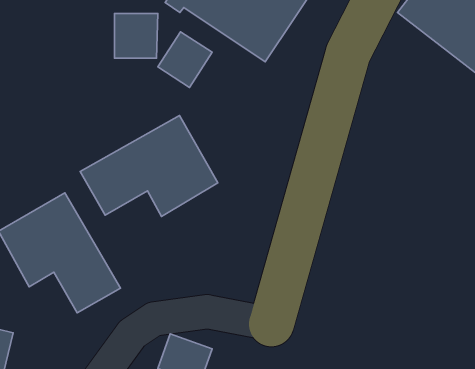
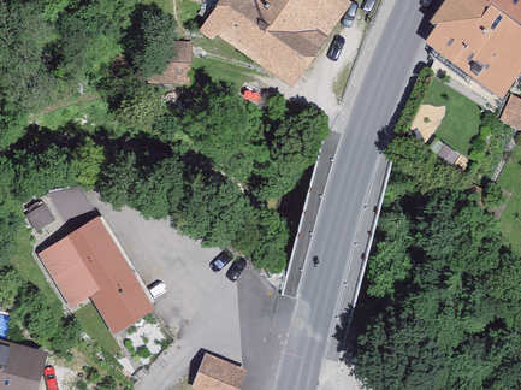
building: [158,32,212,87] -> none
building: [80,116,218,216] -> none

